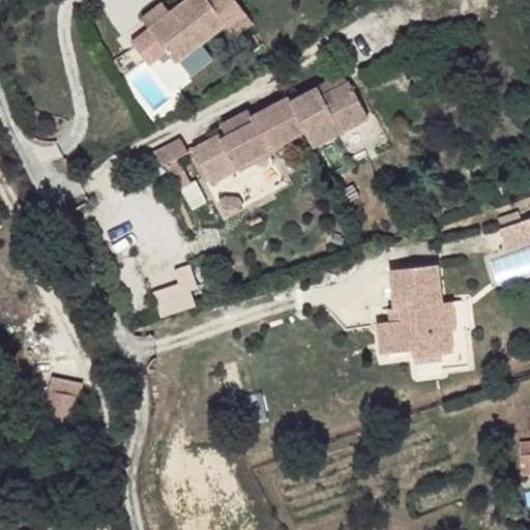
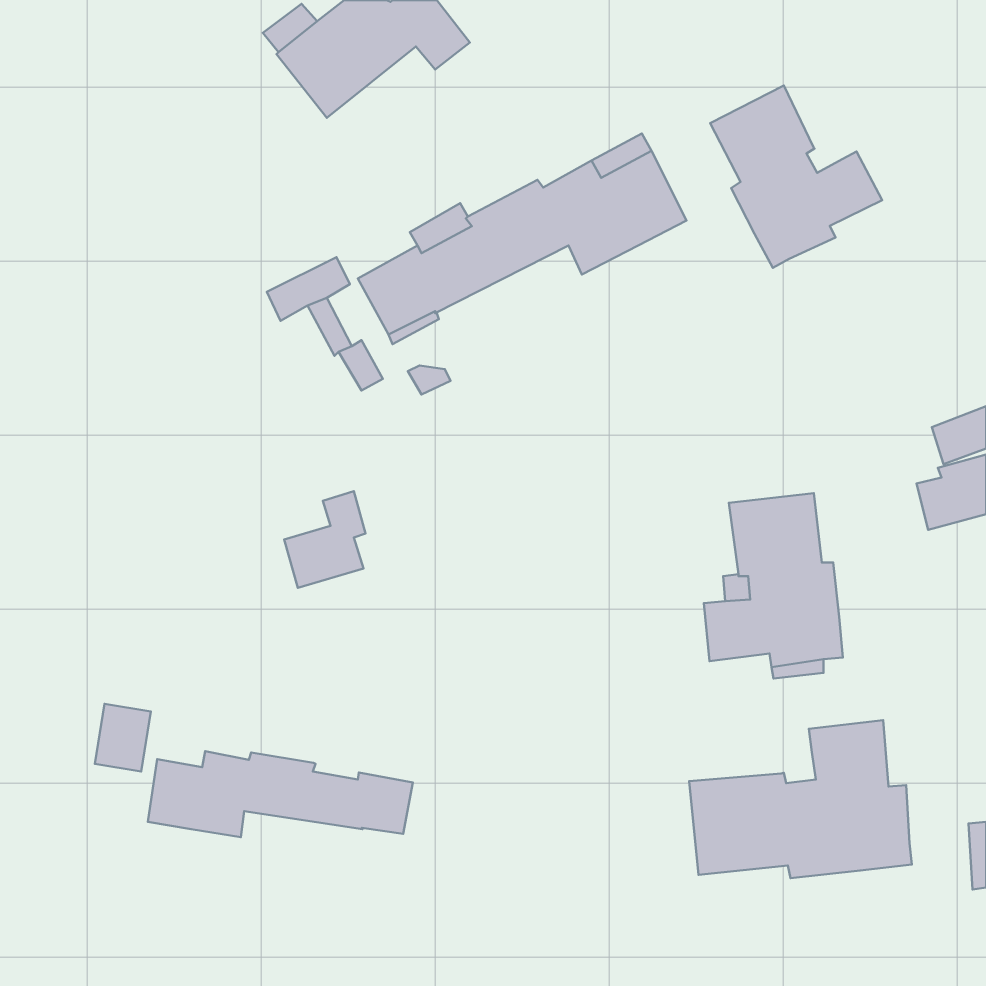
building: none -> [710,86,882,268]
building: none -> [689,720,912,878]
building: none -> [148,751,413,837]

